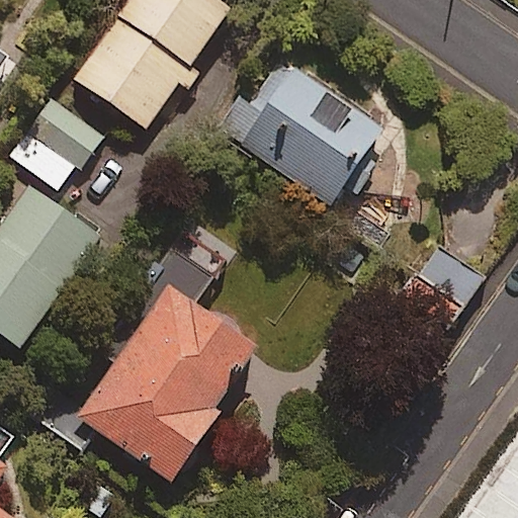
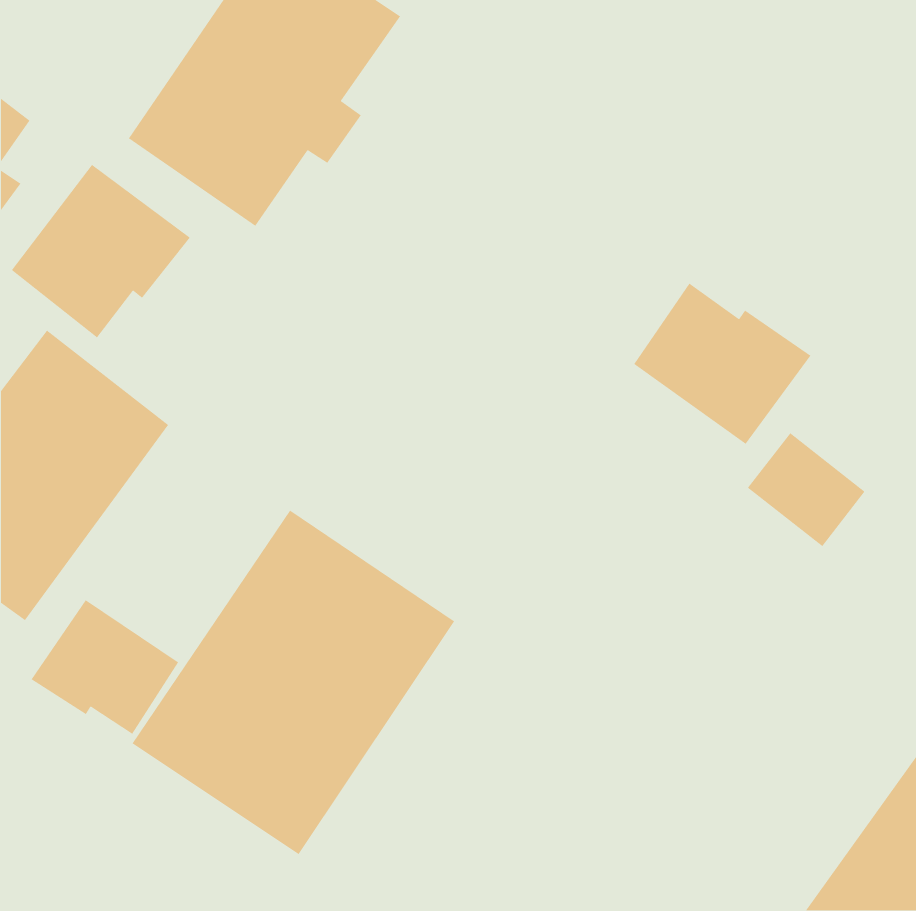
building: [221,59,381,203] -> none
building: none -> [633,283,811,445]
building: none -> [31,599,179,735]

